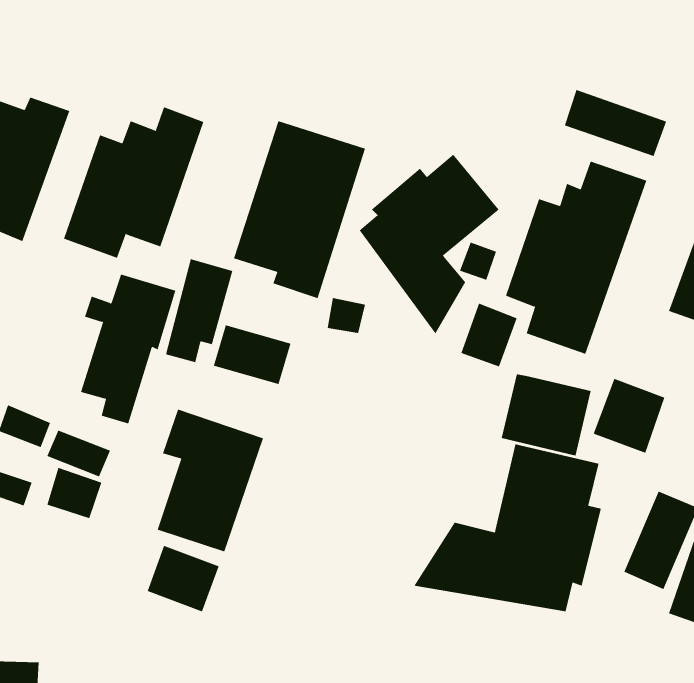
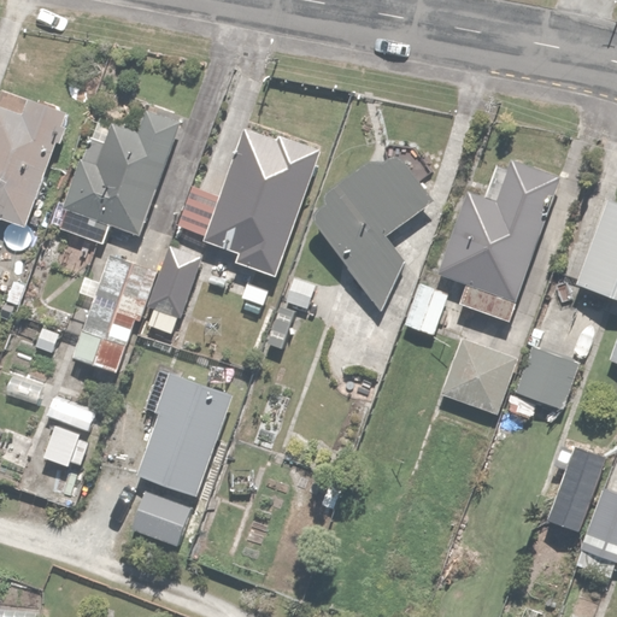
building: [564,89,667,157] -> none
building: [213,325,291,385] -> none
building: [413,444,601,612] -> none

